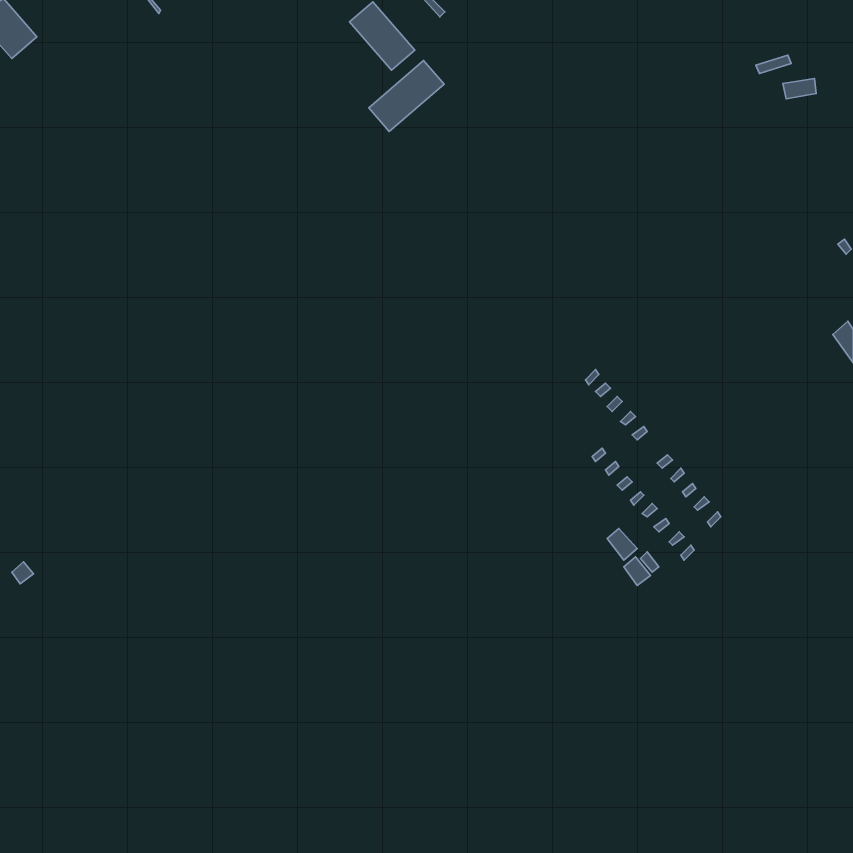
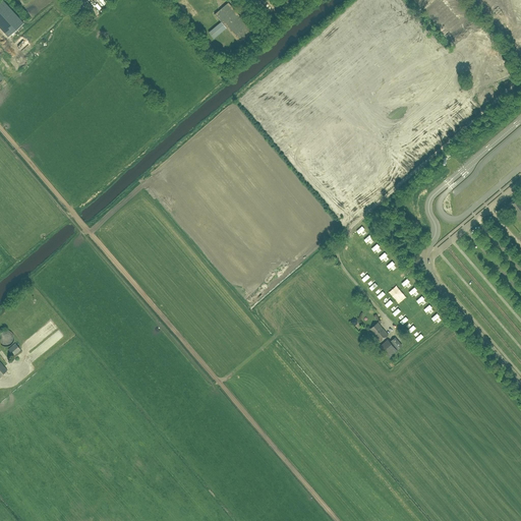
building: [369,60,444,131] -> none

